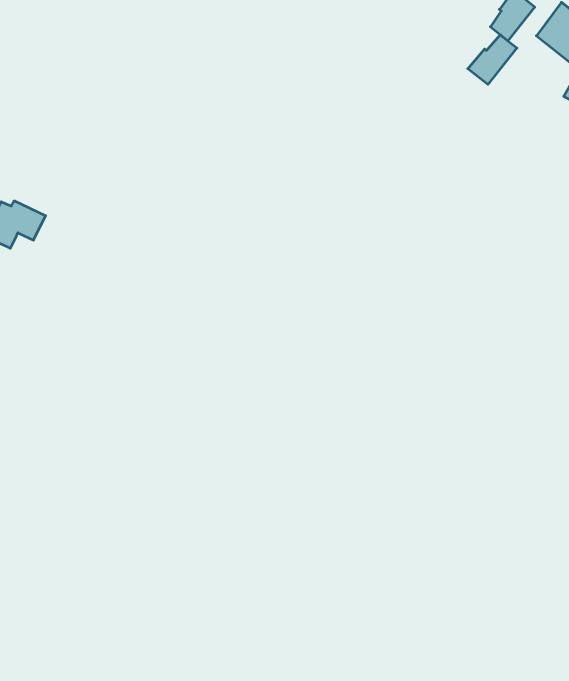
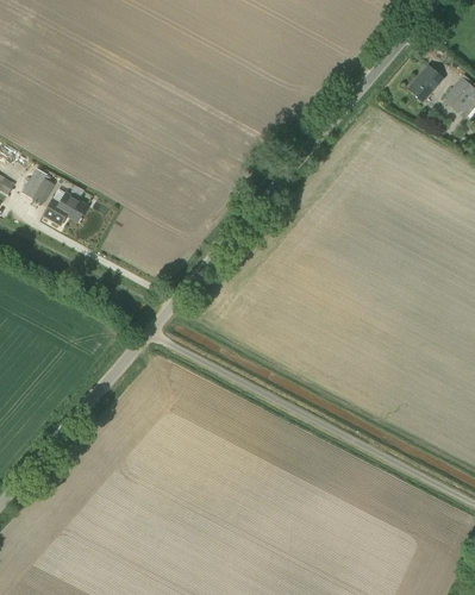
building: [468,35,517,84] -> none

